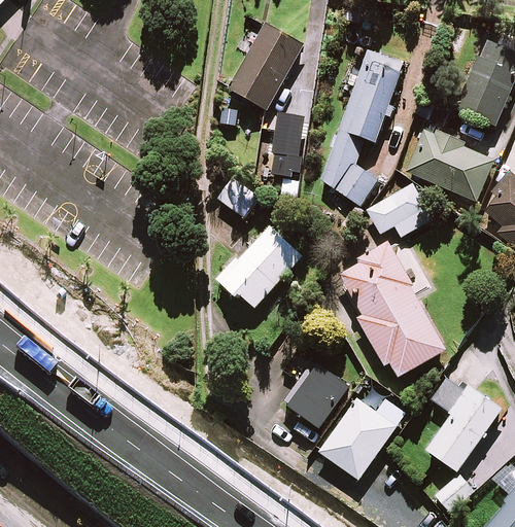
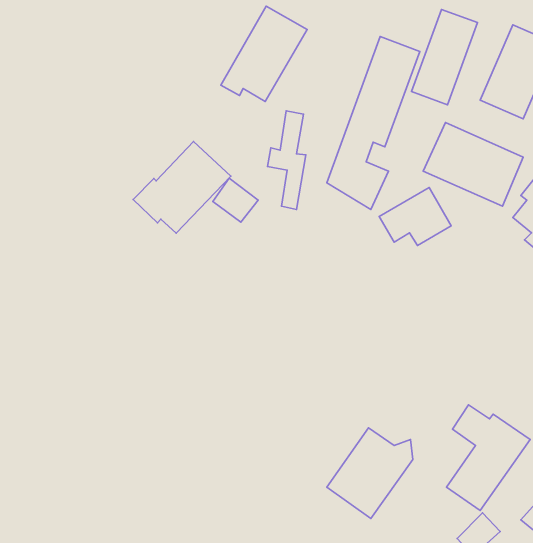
building: none -> [411,10,477,105]
building: [217,224,304,306] -> [133,141,231,233]
building: [339,242,446,375] -> none
building: [286,360,350,426] -> none

